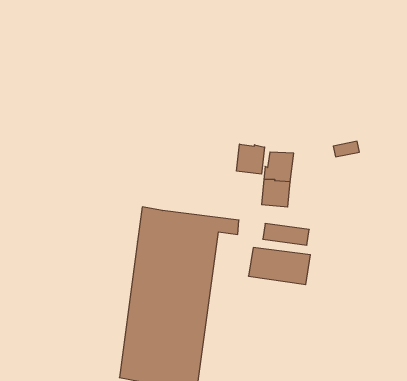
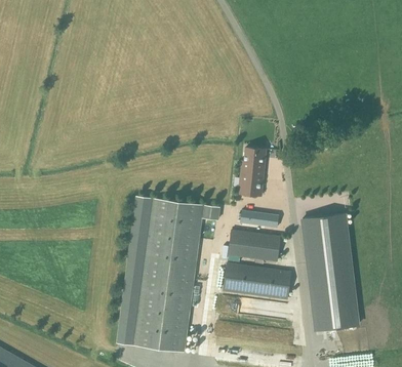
building: [237,144,265,174] -> none
building: none -> [303,214,358,331]
building: none -> [224,263,291,299]

